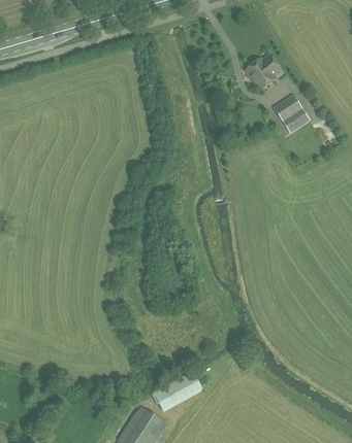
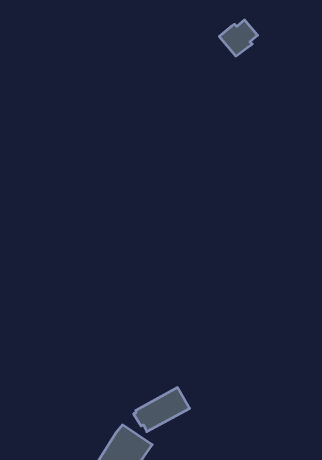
building: [245,56,281,90] -> [219,20,258,56]
building: [274,96,308,132] -> none

